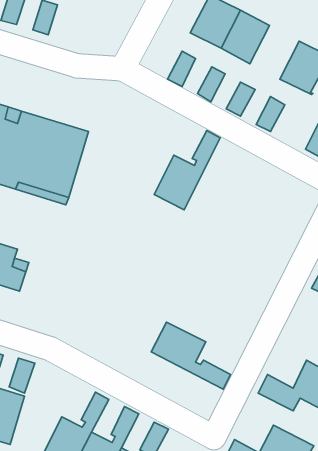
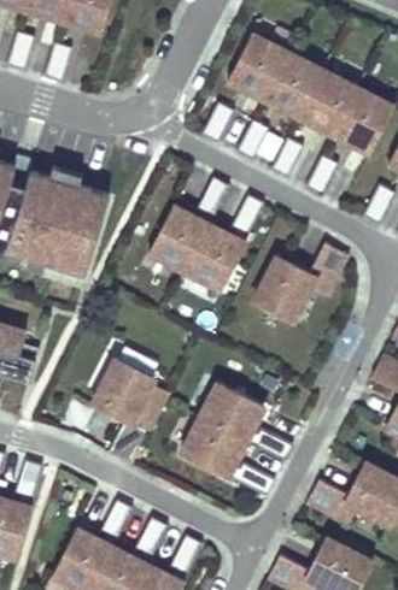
building: none -> [298,71,356,134]
building: none -> [150,176,229,269]
building: none -> [251,232,343,312]
building: none -> [93,355,171,462]
building: none -> [200,382,293,461]

